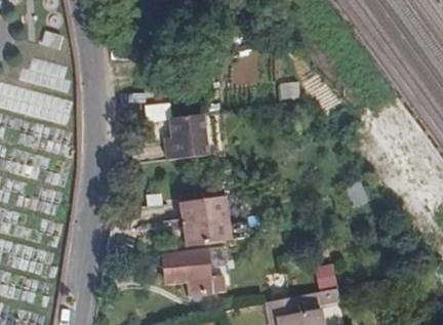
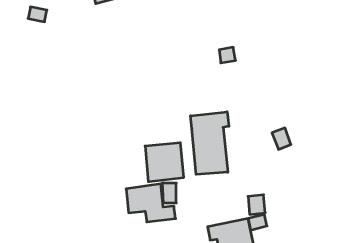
building: [166,114,207,159] -> none
building: none -> [191,112,229,174]

